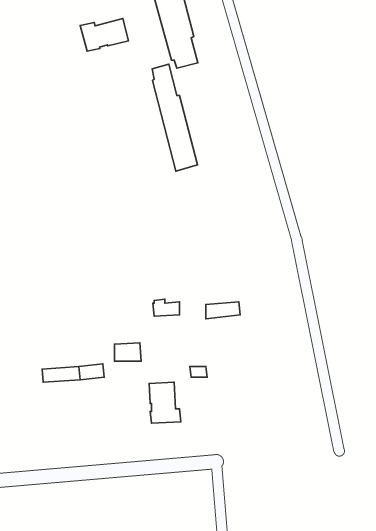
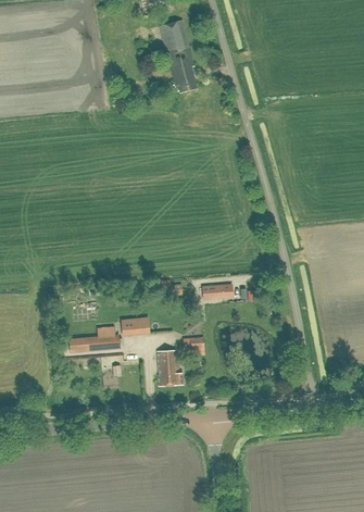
building: [80,19,129,51] -> none
building: [152,64,197,171] -> none

